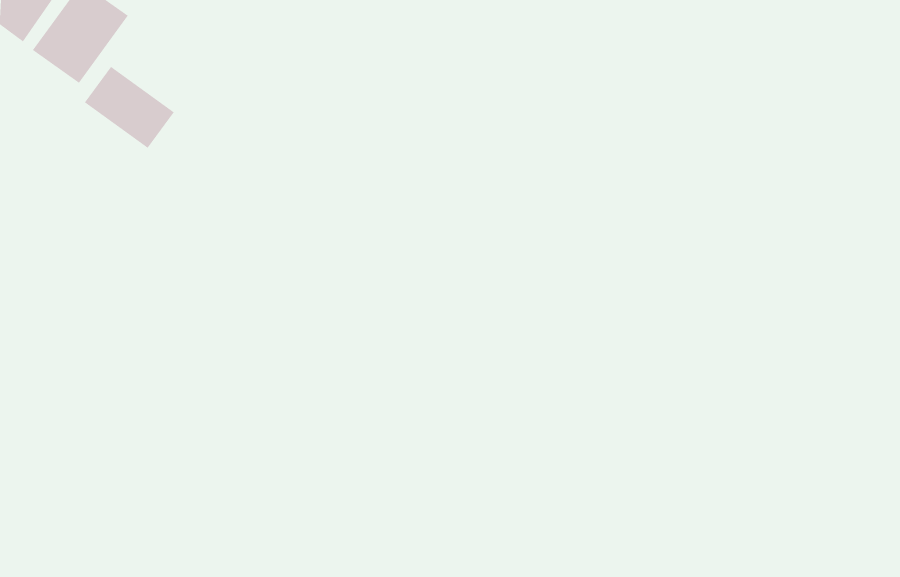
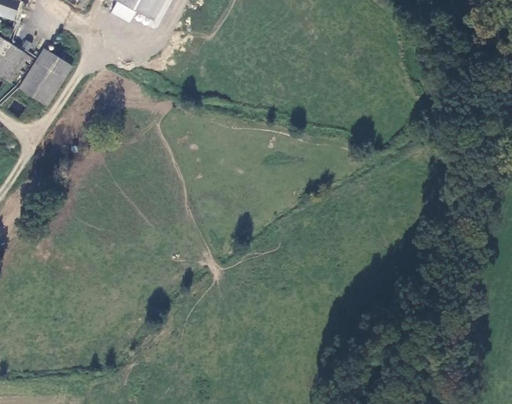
building: [84,66,175,149] -> none

